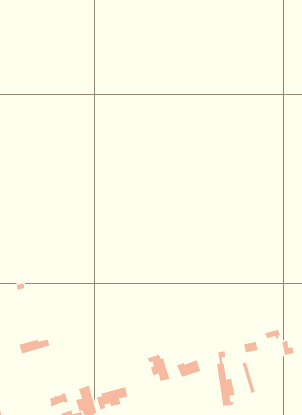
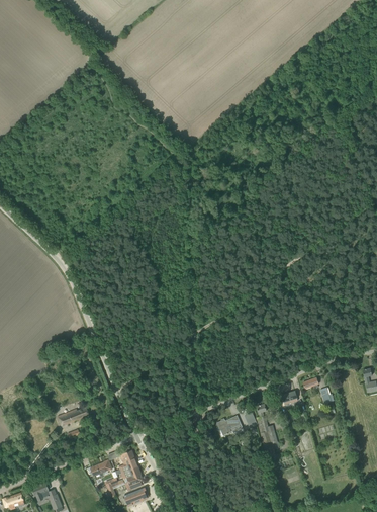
building: [147,354,170,382] -> none
building: [96,386,128,410] -> none

